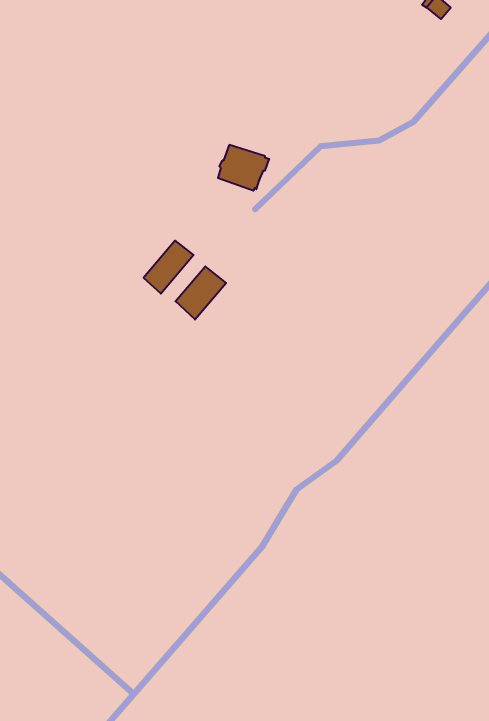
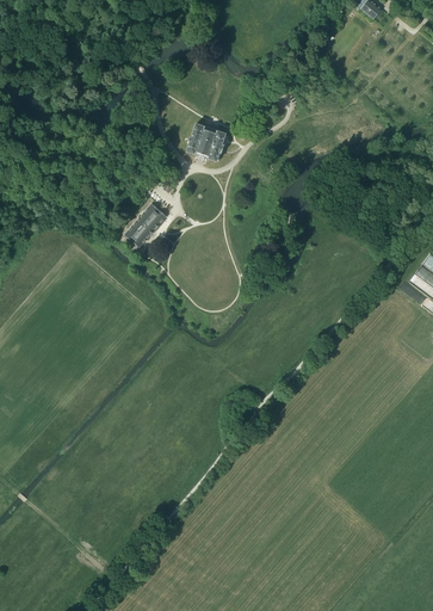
building: [175,266,226,320] -> none

